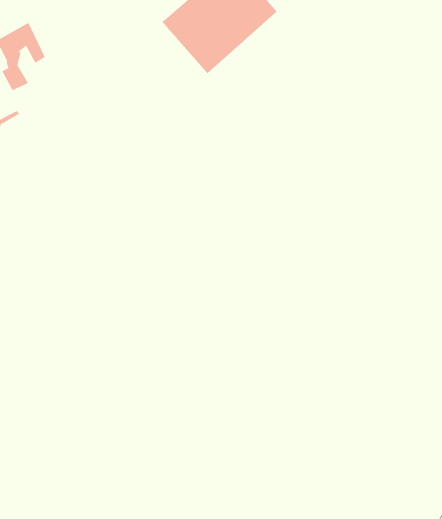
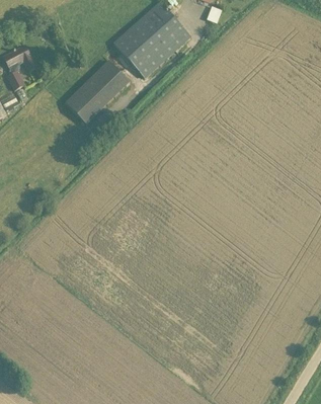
building: none -> [65,59,130,124]

